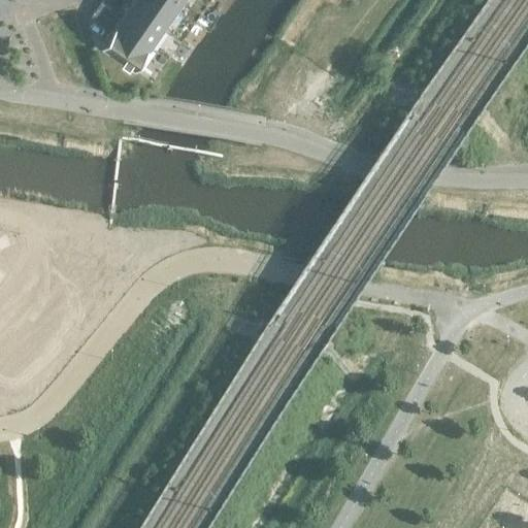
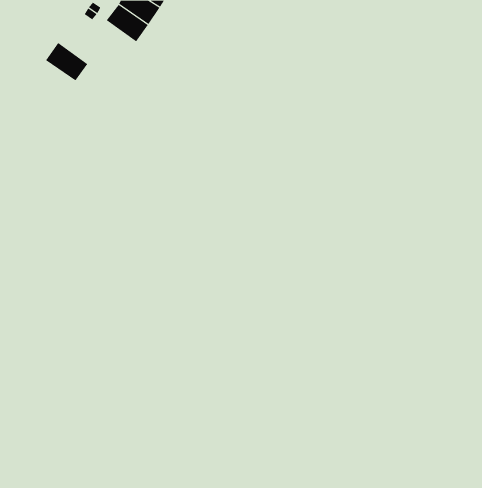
building: [107,22,154,64] -> [45,42,88,81]

